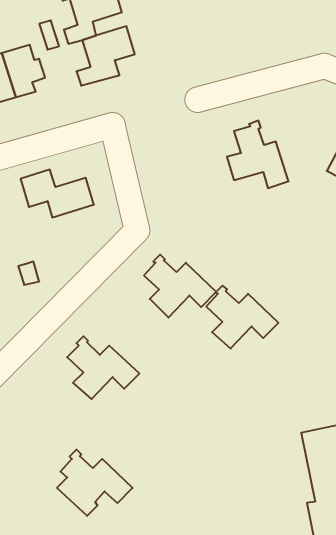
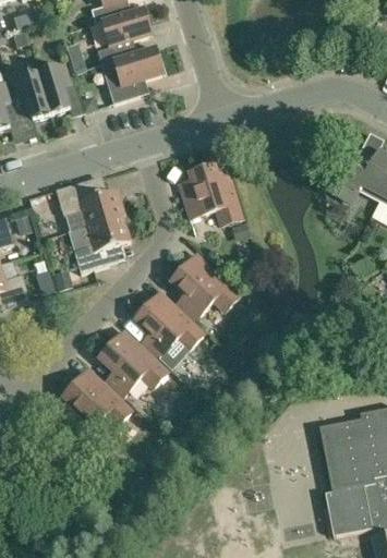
building: [227,121,289,188] -> [183,160,241,223]
building: none -> [72,213,130,271]
building: [206,286,278,349] -> [135,298,203,356]
building: [57,450,133,516] -> [60,374,131,436]

